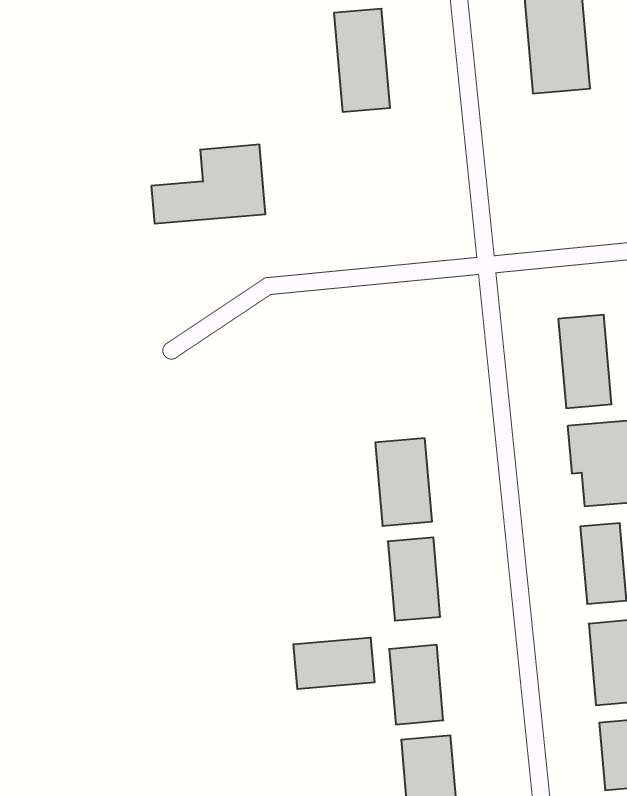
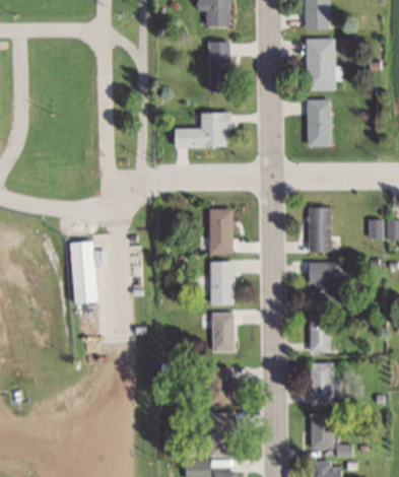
building: none -> [306,100,332,146]
building: [151,145,266,224] -> [173,112,229,147]
building: none -> [208,209,232,254]
building: none -> [68,241,95,303]
building: [294,637,375,689] -> none

